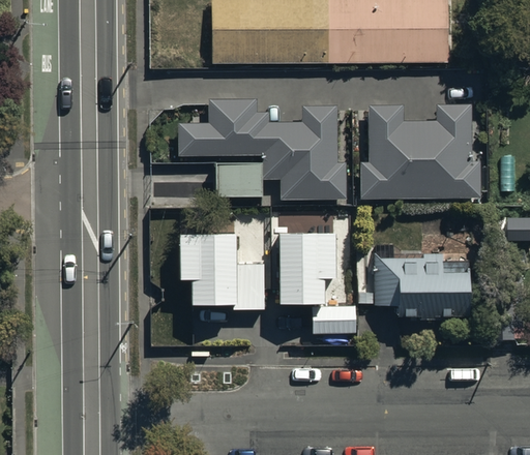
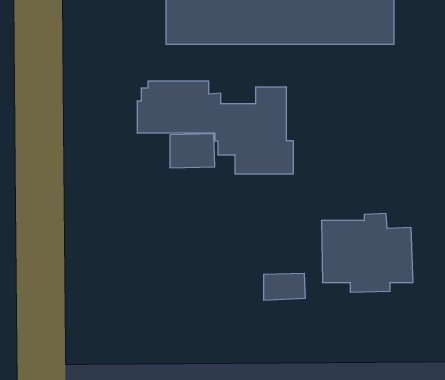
building: [363,108,481,196] -> none
building: [279,228,336,300] -> none
building: [179,229,264,304] -> none

